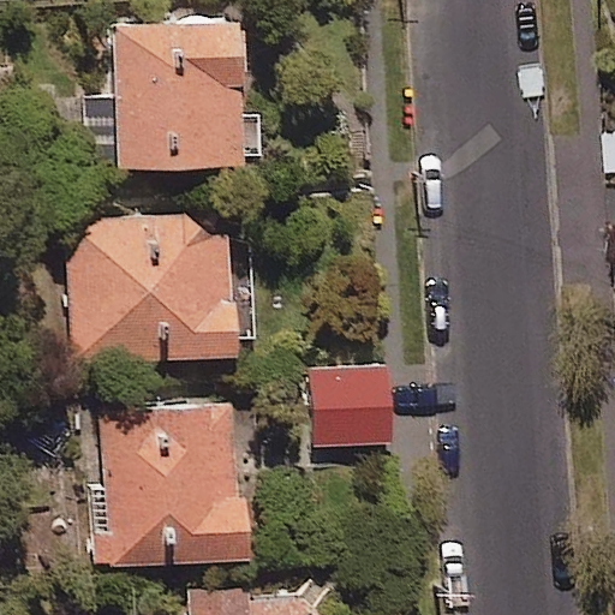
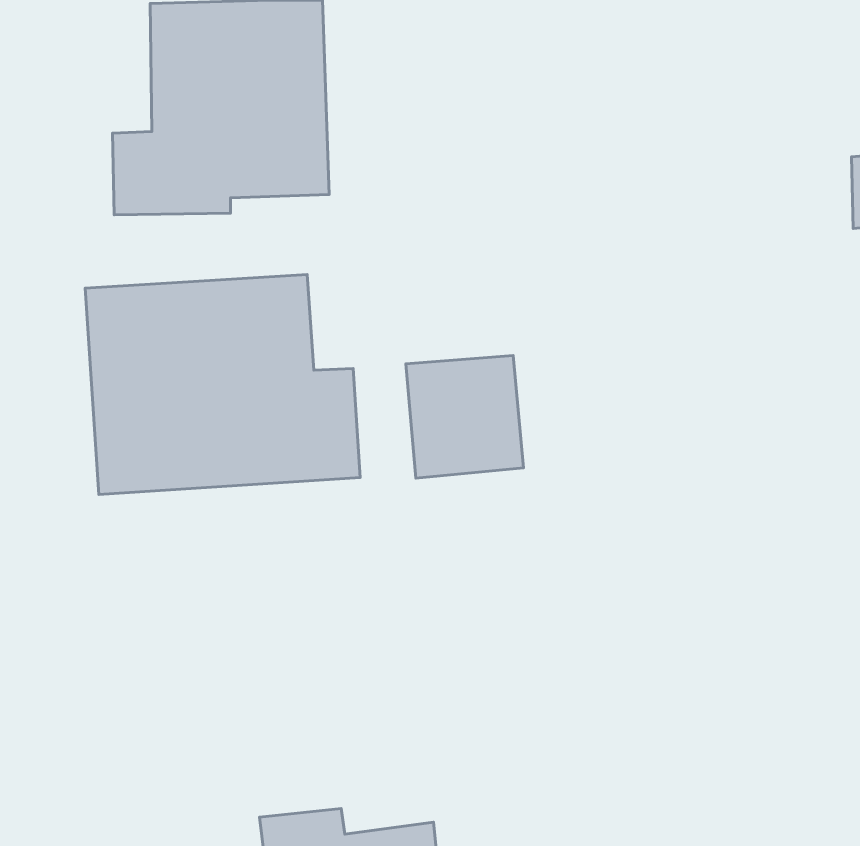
building: [311,372,394,459] -> [406,355,523,478]
building: [97,396,246,571] -> none

